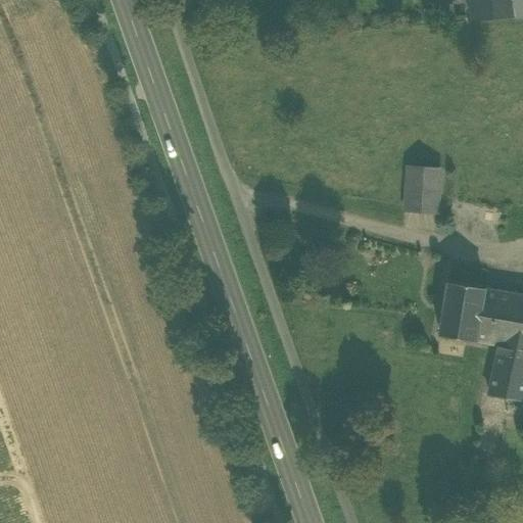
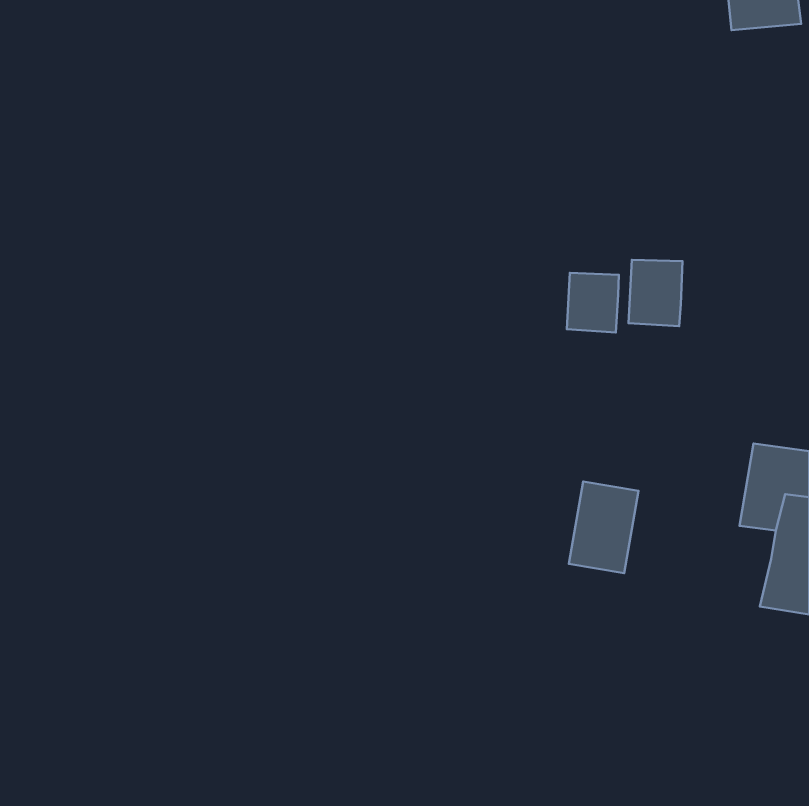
building: none -> [567,273,619,333]
building: [441,280,486,339] -> [569,481,639,573]

